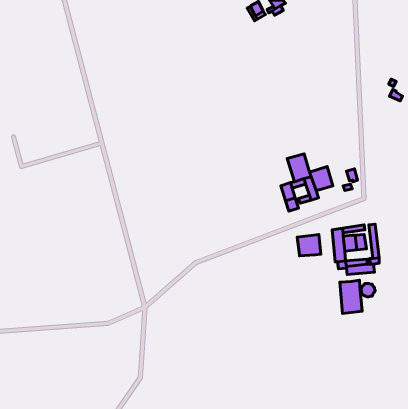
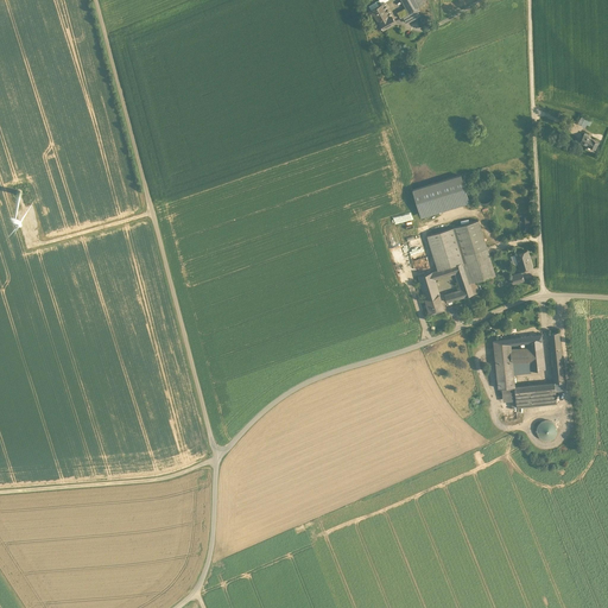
building: none -> [412,176,467,213]
building: none -> [451,220,486,255]
building: [297,234,321,256] -> none
building: [340,280,362,313] -> none

